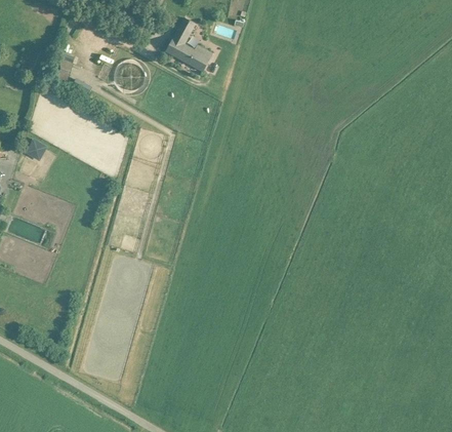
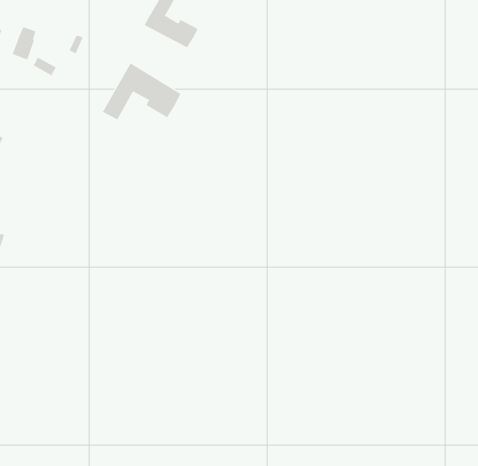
building: none -> [102,63,181,120]

